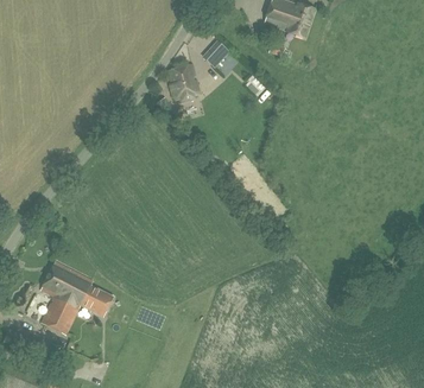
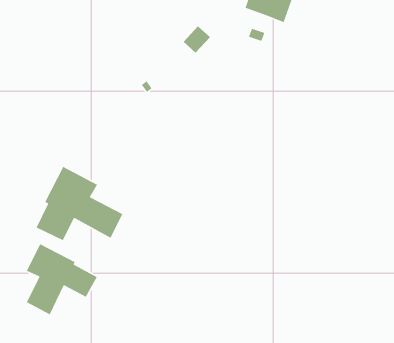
building: [166,64,198,101] -> none
building: none -> [36,166,123,241]

